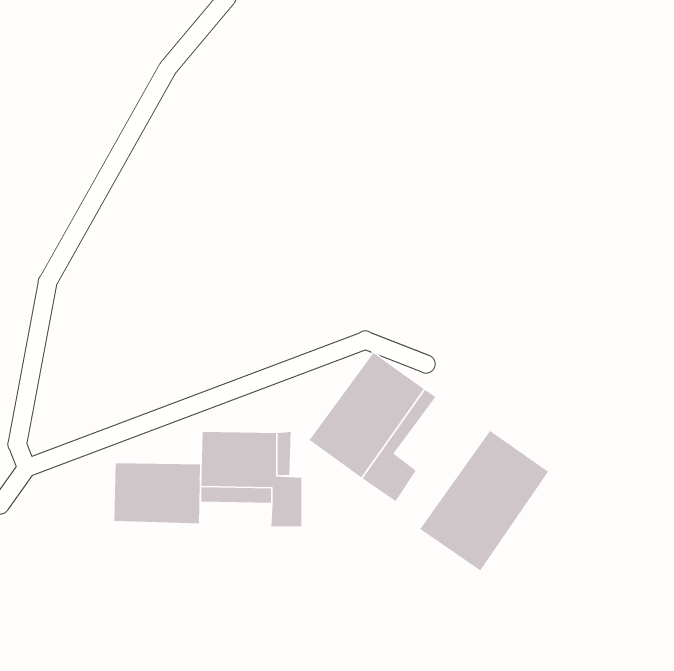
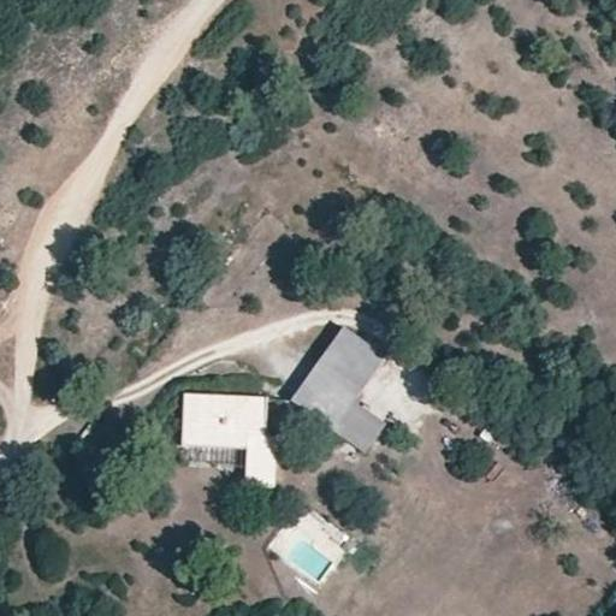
building: [419,430,549,572] -> none
building: [114,463,201,524] -> none

